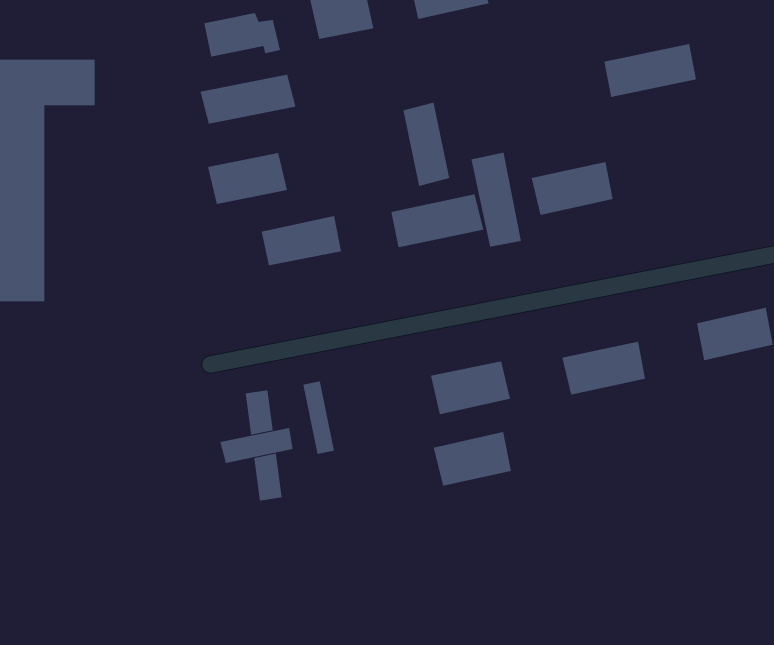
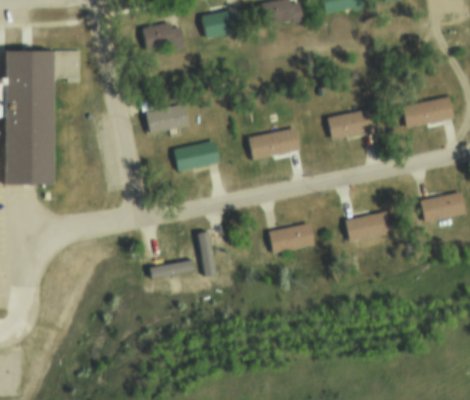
building: [603,44,697,97] -> [401,97,454,128]
building: [200,74,296,125] -> none
building: [403,102,450,187] -> none
building: [471,152,521,248] -> none
building: [433,431,512,487] -> none

